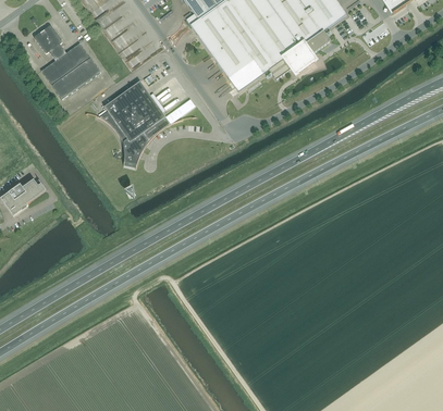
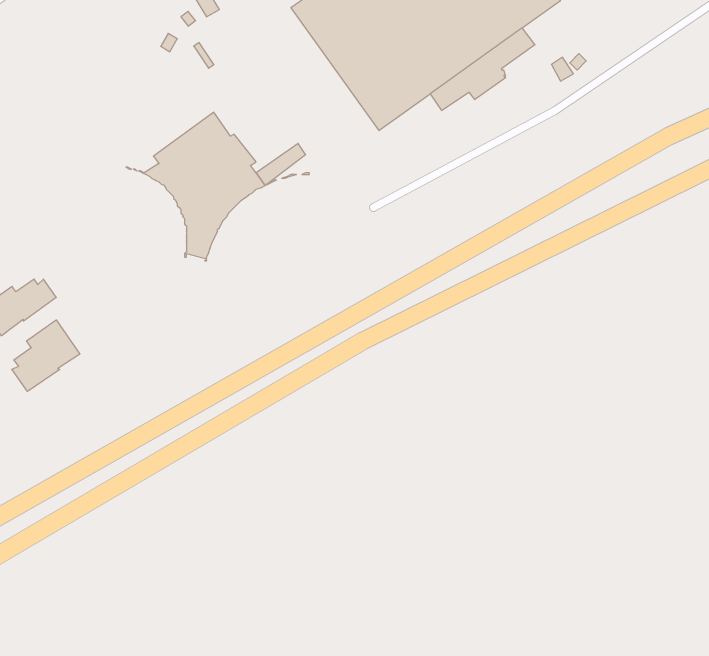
building: [33,24,100,99] -> none
building: none -> [12,320,80,391]

